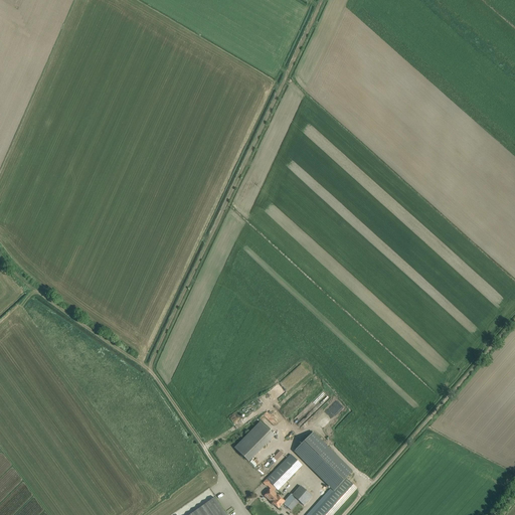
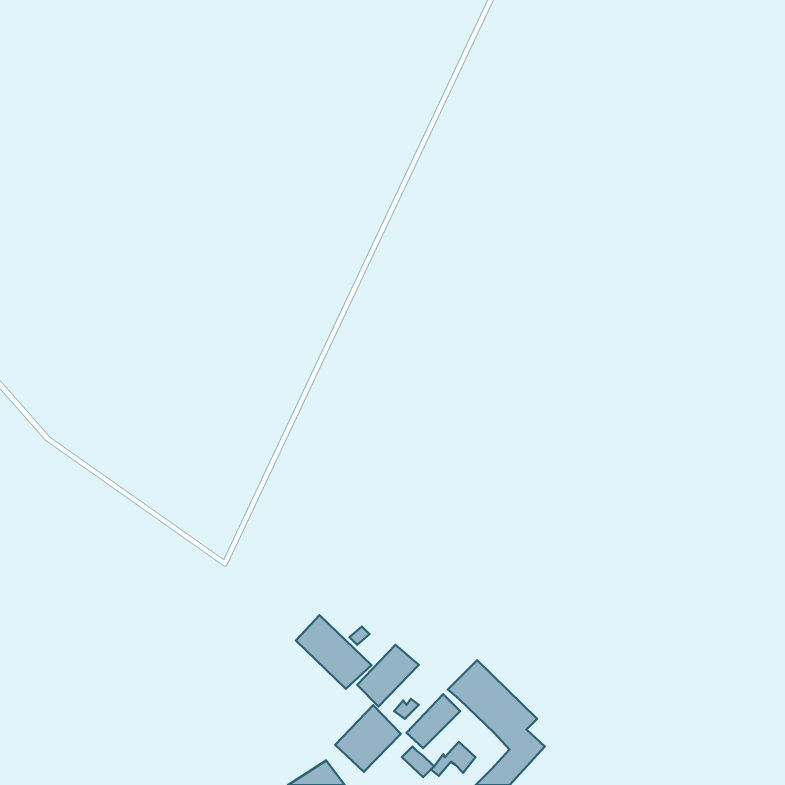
building: none -> [296,615,371,689]
building: none -> [335,705,401,772]

